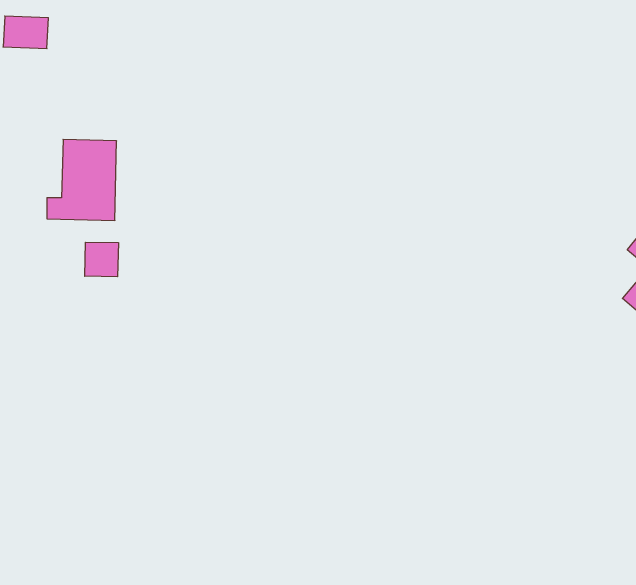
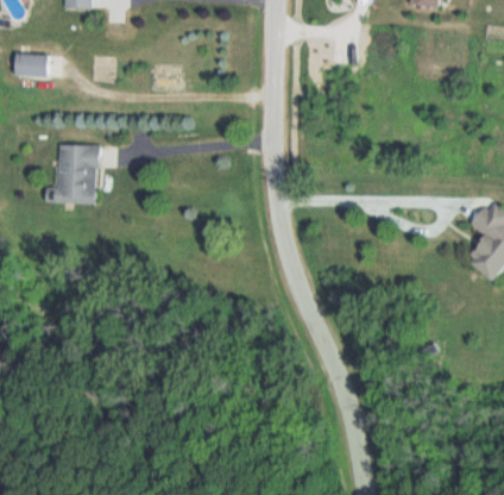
building: [85,242,118,277] -> none

